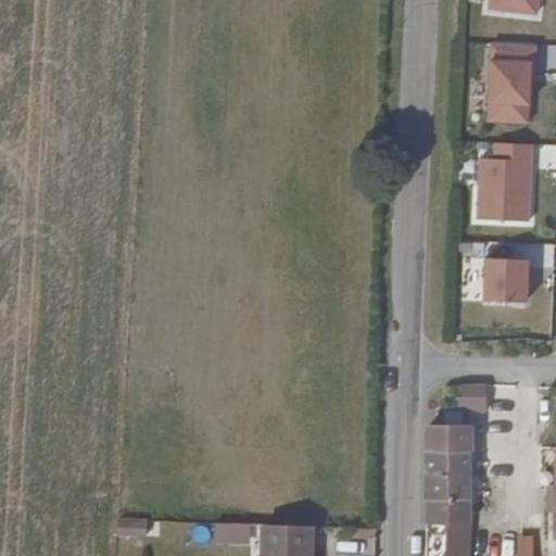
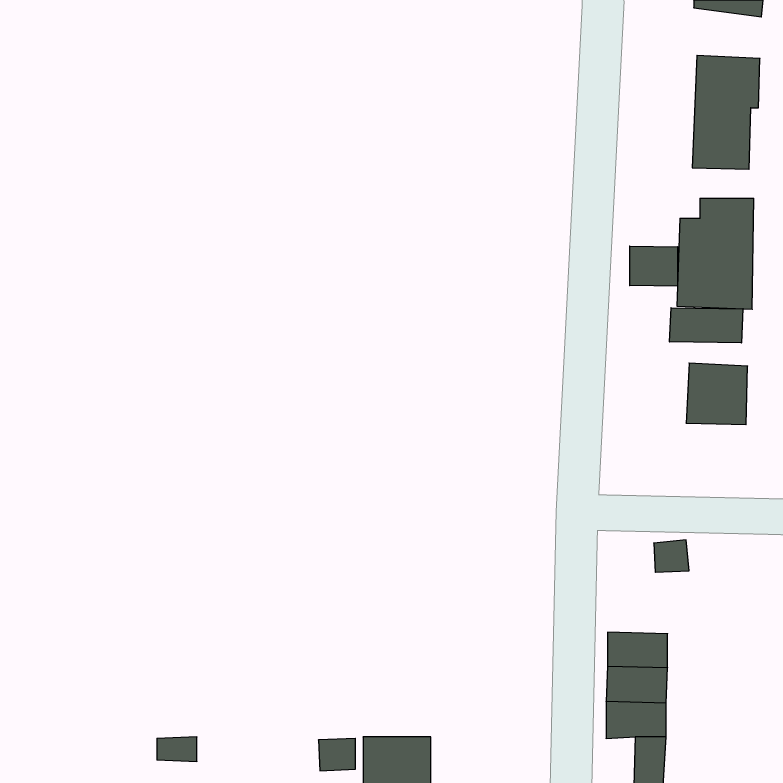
building: none -> [630,246,678,286]
building: none -> [670,308,743,343]
building: [429,425,471,450] -> none

